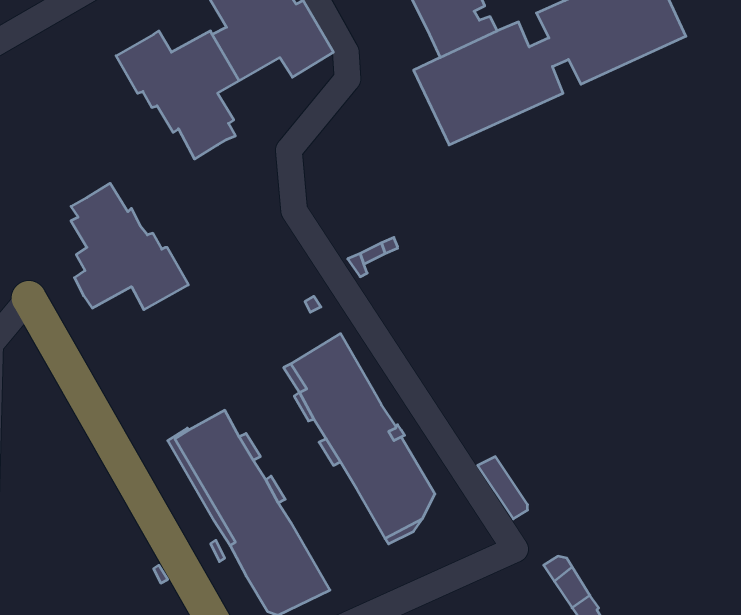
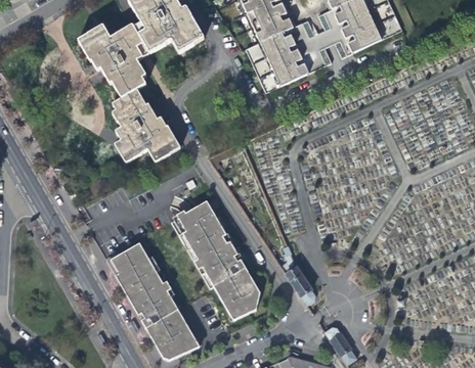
building: [71,183,188,310] -> [112,90,179,163]

